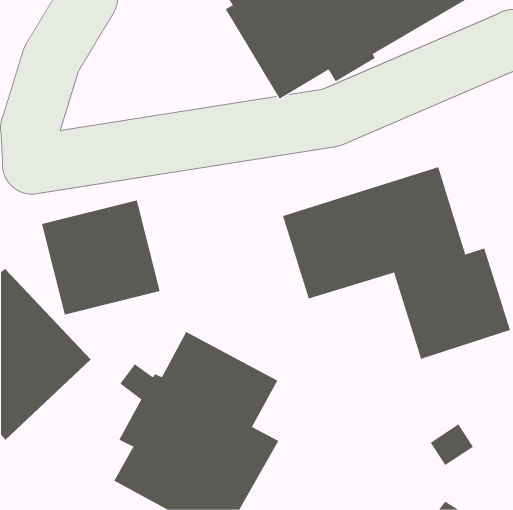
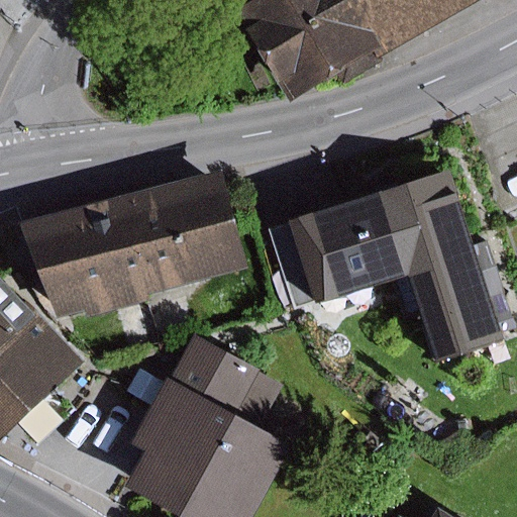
building: none -> [138,179,254,293]

